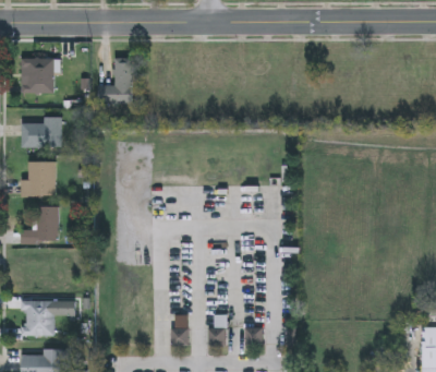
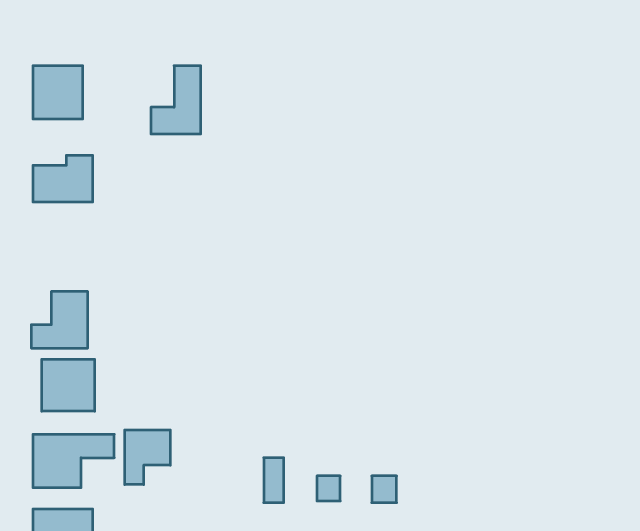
building: [21,163,56,196] -> none
building: none -> [42,359,95,411]
building: none -> [125,430,170,485]

